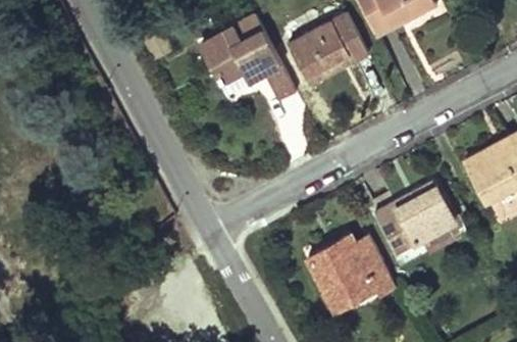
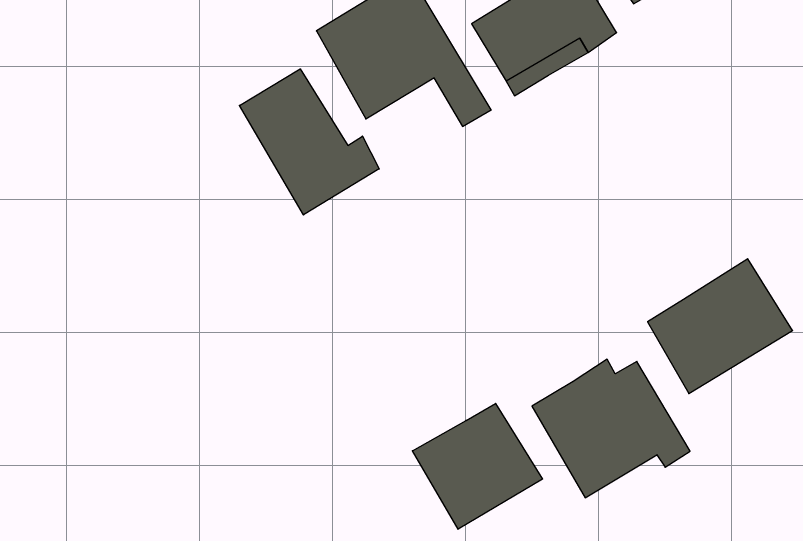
building: none -> [239,69,379,215]
building: none -> [412,403,543,529]

